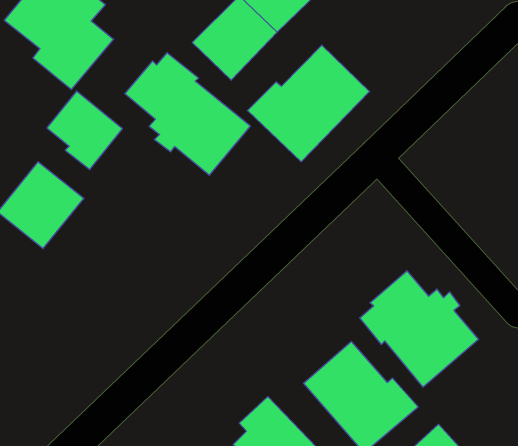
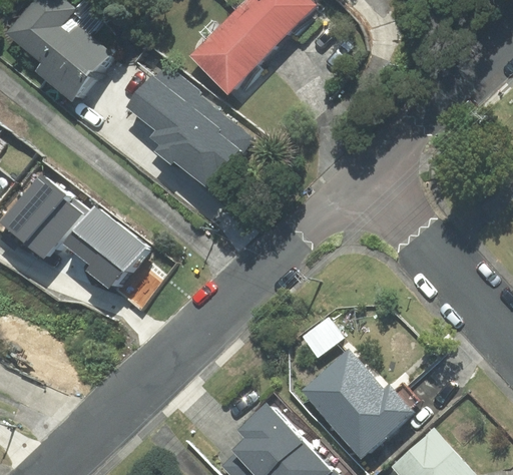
building: [247,45,370,162] -> none
building: [47,91,122,170] -> [68,209,142,287]
building: [360,271,478,387] -> none

